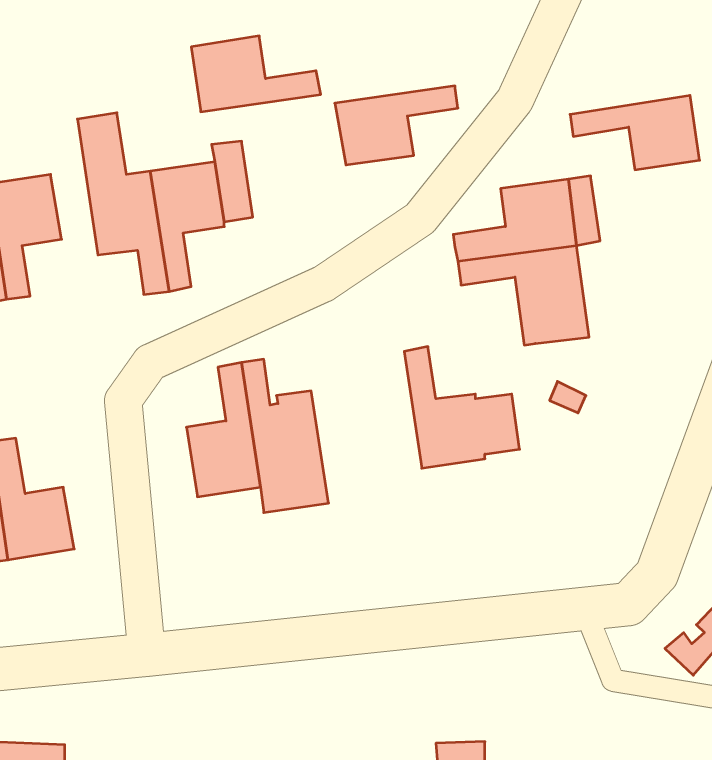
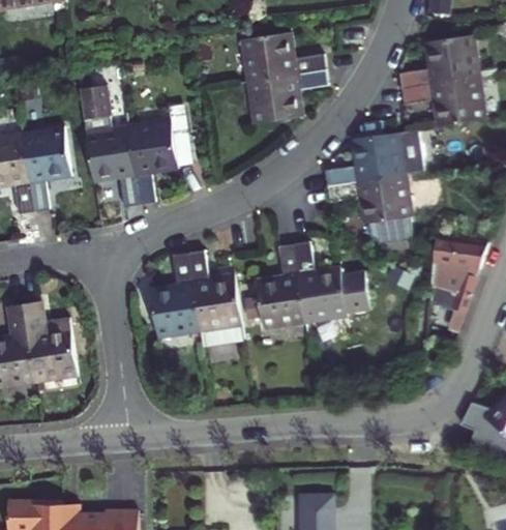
building: none -> [399,35,481,89]
building: [191,36,321,112] -> [242,32,327,82]
building: none -> [256,244,305,327]
building: none -> [426,245,473,320]

